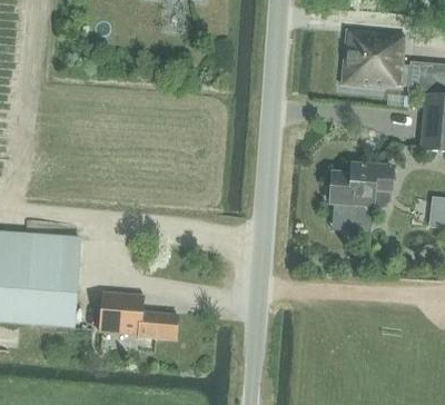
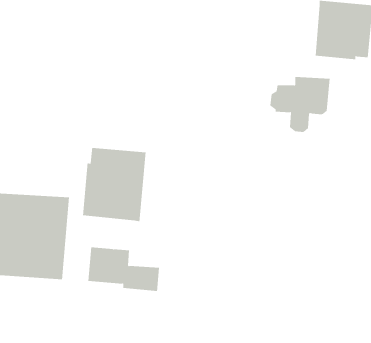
building: [327,165,393,225] -> [270,77,331,132]
building: none -> [83,147,146,222]

